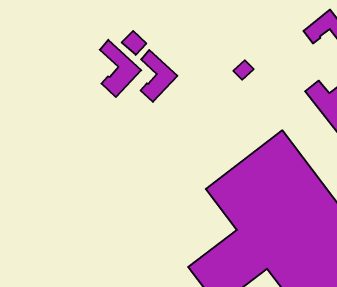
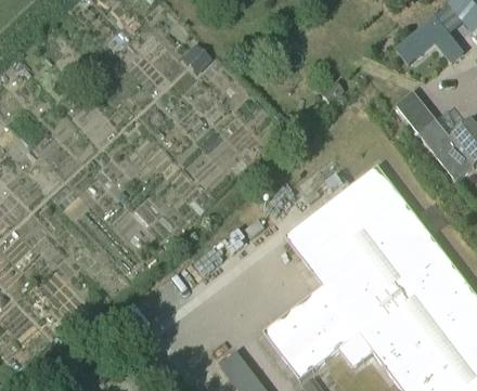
building: [100,40,141,97] -> none
building: [141,50,177,102] -> none

